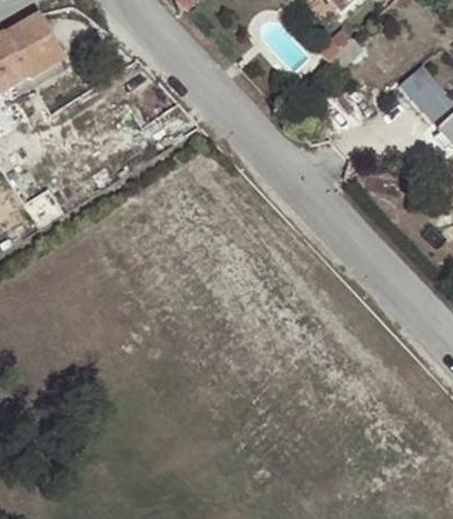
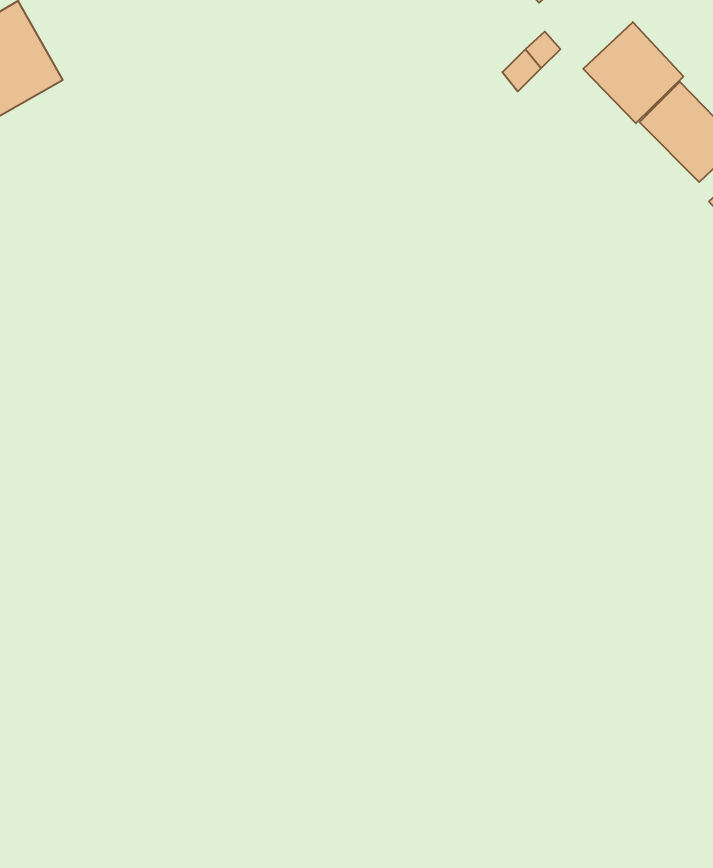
building: none -> [583,22,683,123]

